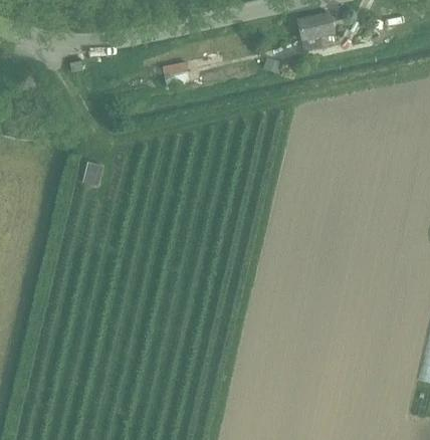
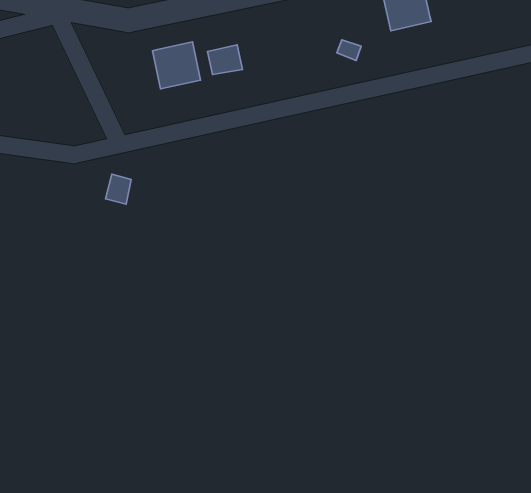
building: none -> [152,42,201,89]

